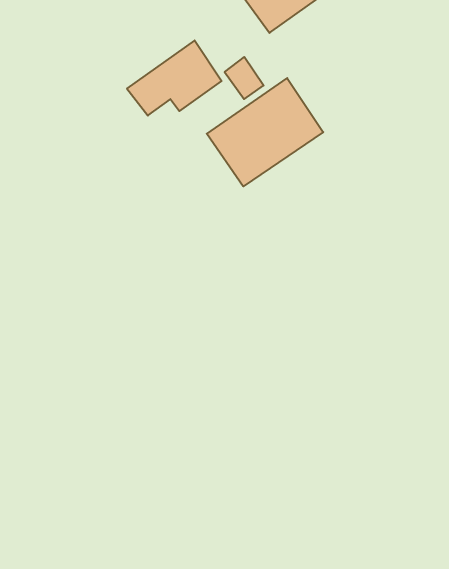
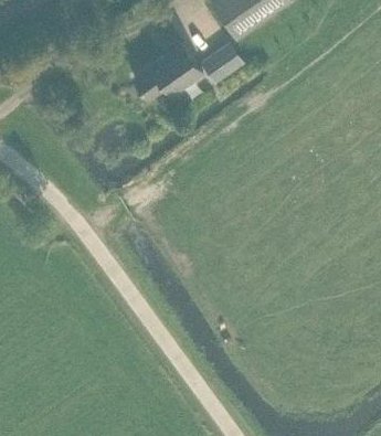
building: [207,78,323,186] -> none

